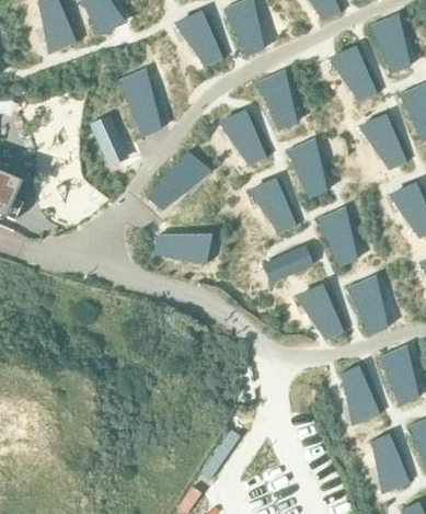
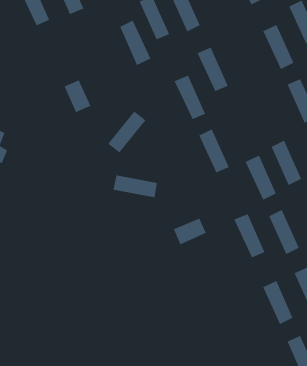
building: [122,78,162,136] -> [119,20,151,66]
building: [288,139,327,197] -> [271,140,302,186]
building: [272,243,314,278] -> [173,217,207,245]

